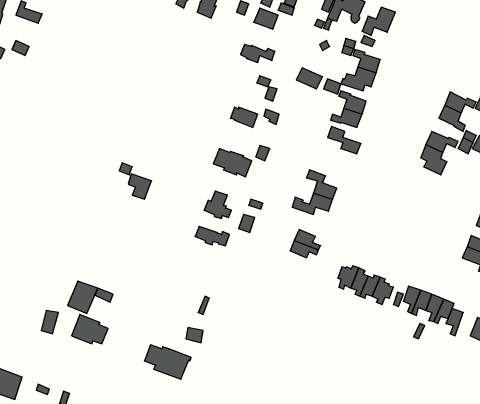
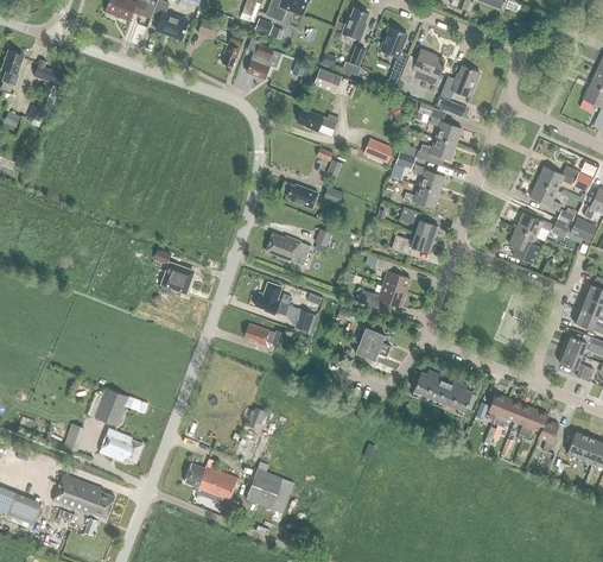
building: none -> [391,232,433,253]
building: none -> [245,460,293,512]
building: none -> [52,472,114,518]

